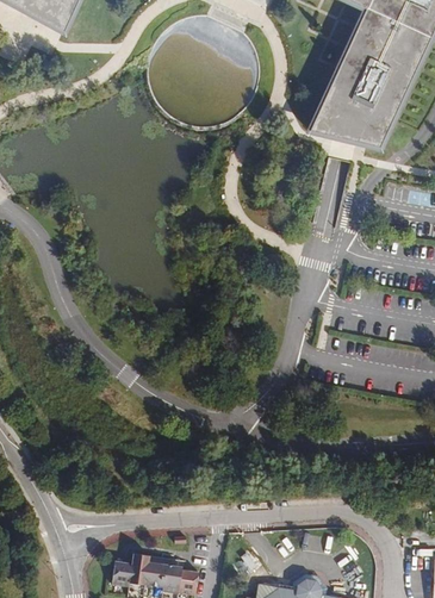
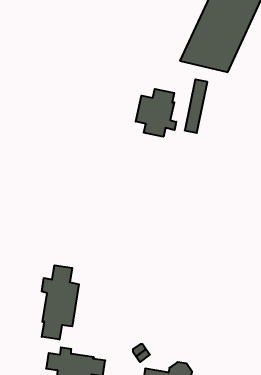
building: none -> [136,89,176,137]
building: none -> [42,265,79,340]

